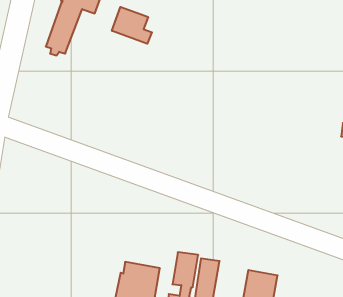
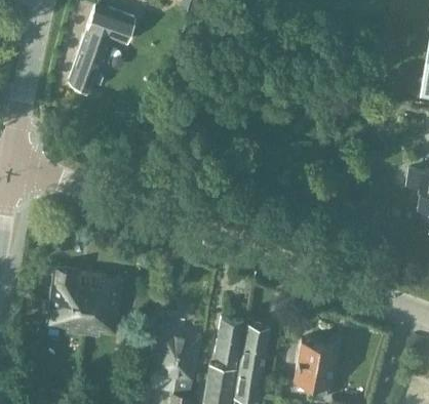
building: [112,7,152,44] -> none
building: none -> [47,270,120,336]

